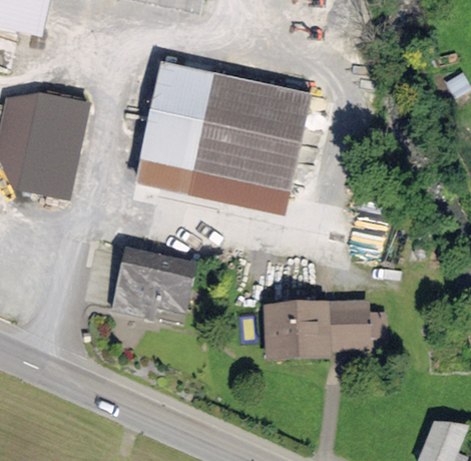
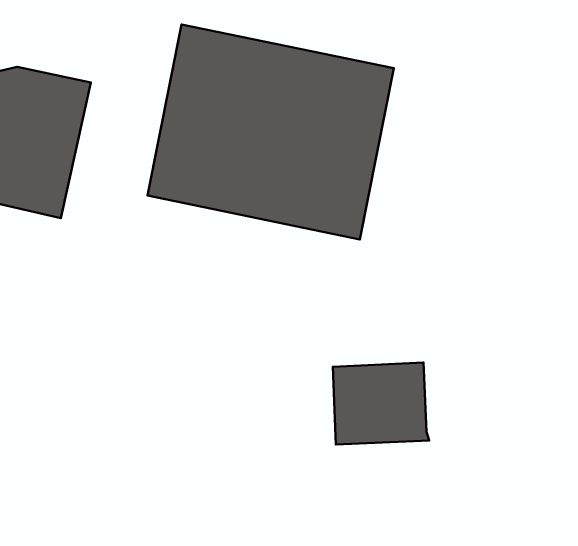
building: [114,248,198,317] -> none
building: [328,298,372,350] -> none

